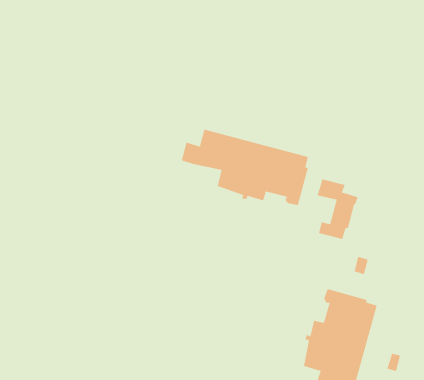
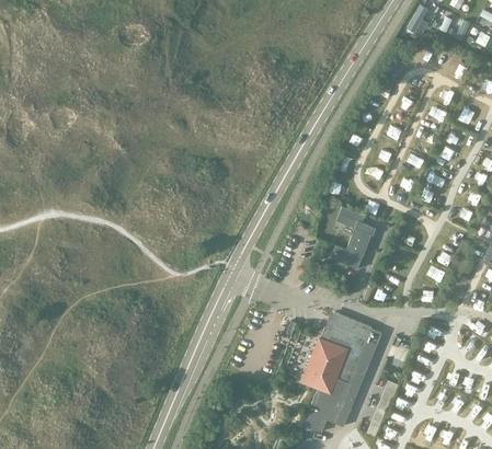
building: [181,129,309,206] -> none

